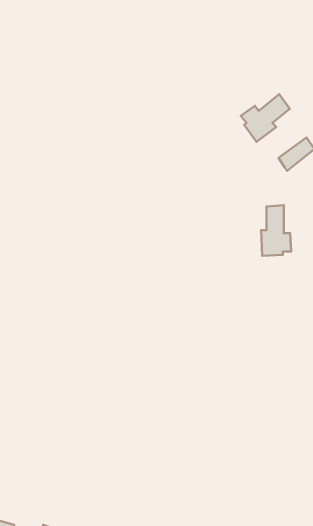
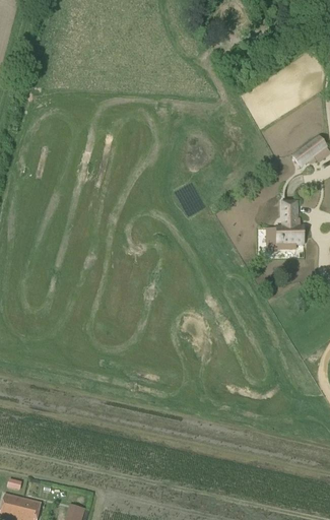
building: [241,94,290,142] -> none

